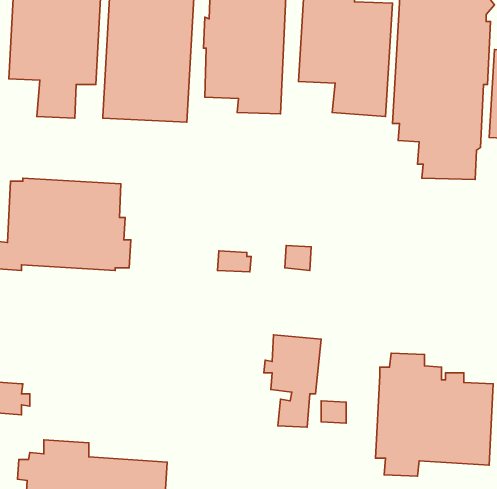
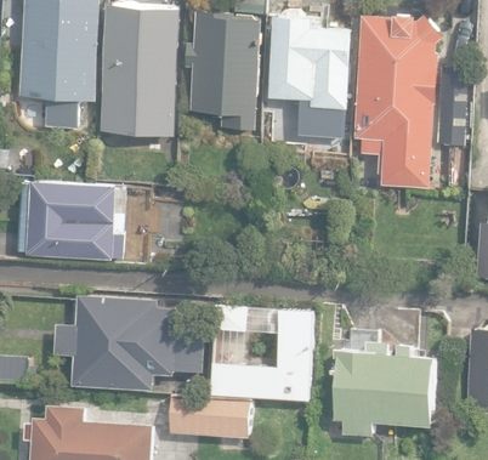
building: none -> [57,299,206,393]
building: none -> [171,397,252,441]

